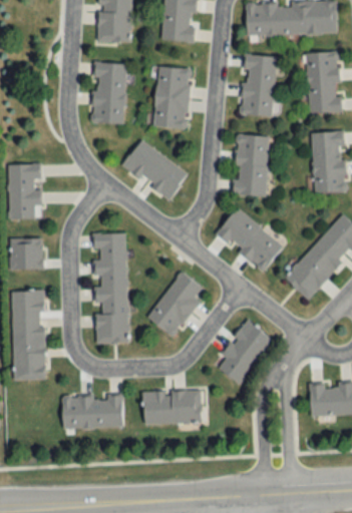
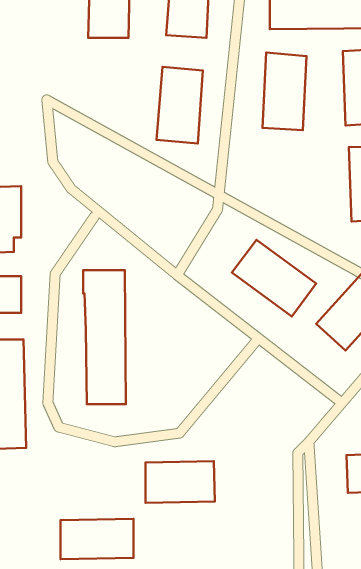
building: [91,61,126,123] -> none
building: [234,134,269,195] -> none
building: [122,139,189,198] -> none
building: [147,271,203,337] -> none
building: [215,319,273,384] -> none
building: [63,395,123,428] -> [61,519,134,559]

